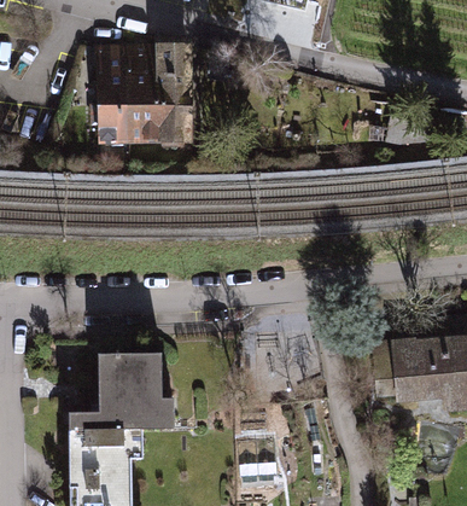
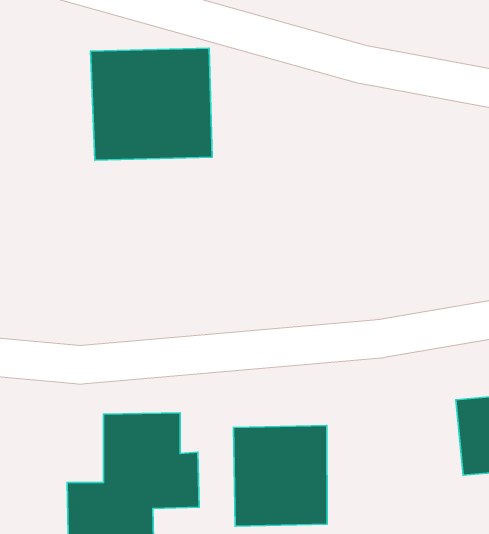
building: none -> [233,426,327,526]

